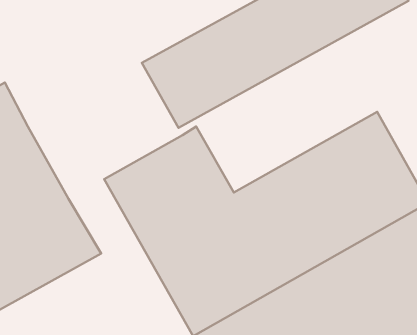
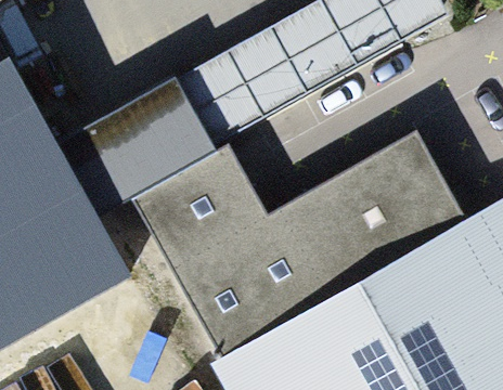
building: none -> [55,79,216,220]

